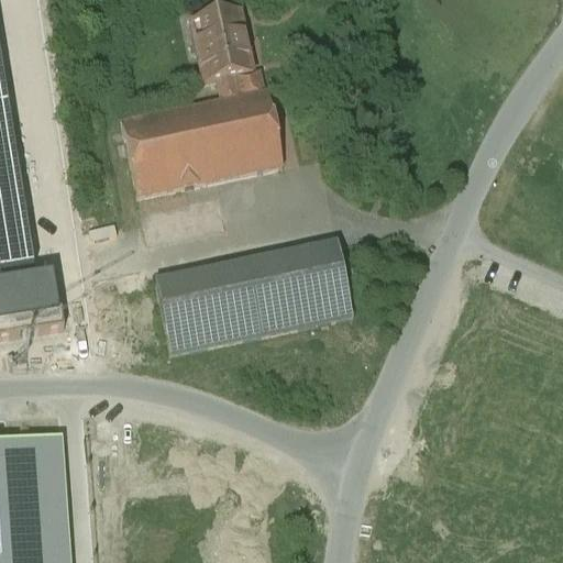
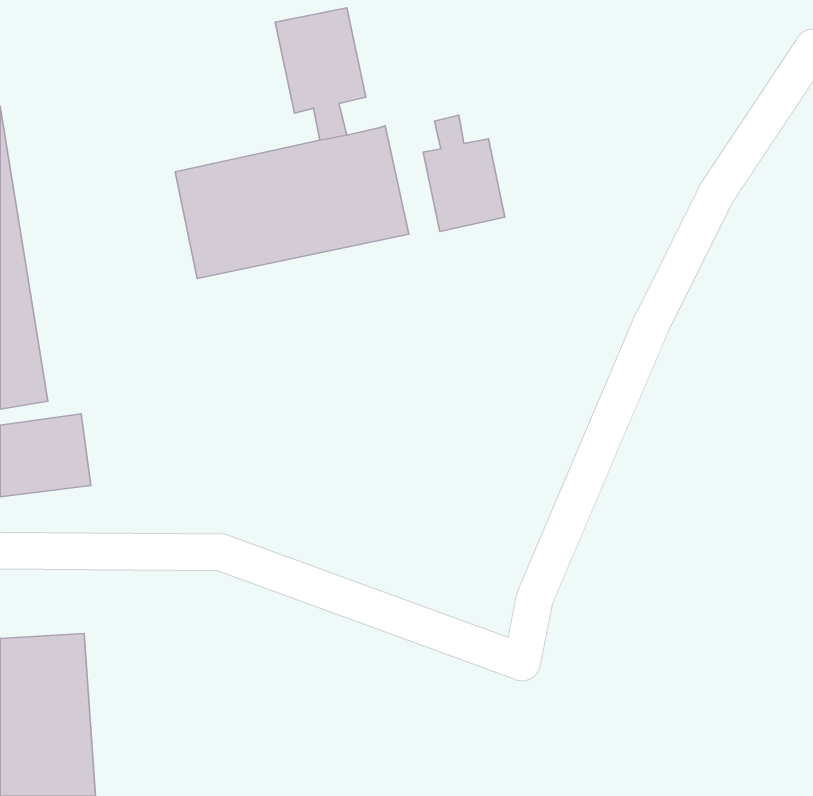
building: none -> [423,115,505,231]
building: [155,241,352,350] -> none

